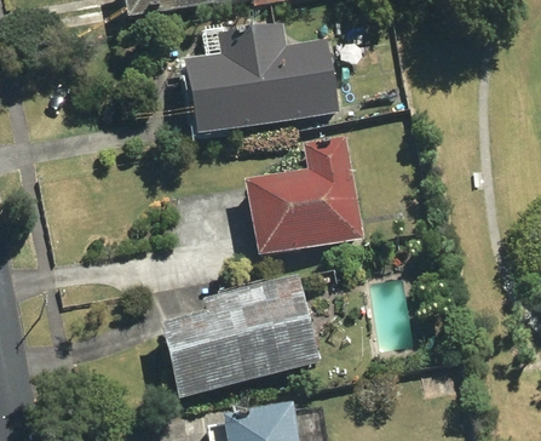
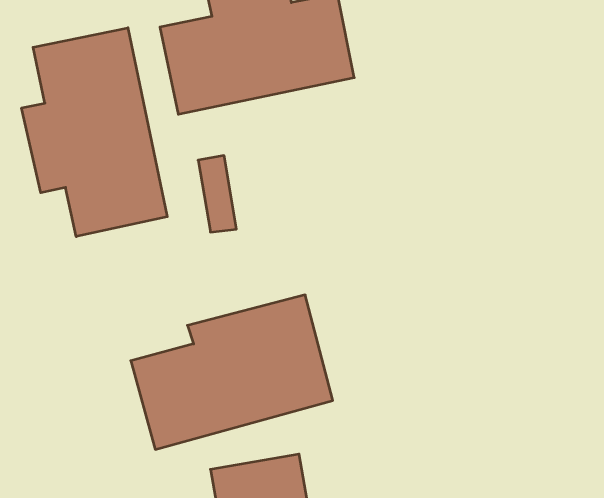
building: none -> [22,28,167,237]
building: [246,134,363,254] -> none

